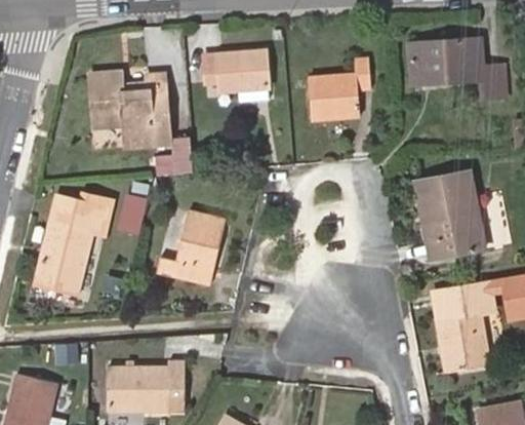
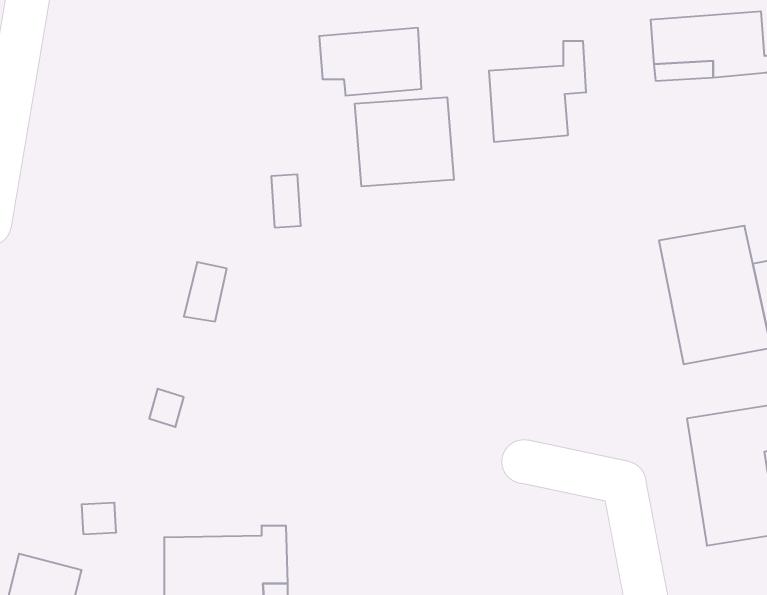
building: [88,70,169,146] -> none
building: none -> [355,97,454,186]
building: [36,196,111,291] -> none
building: [160,211,225,282] -> none

